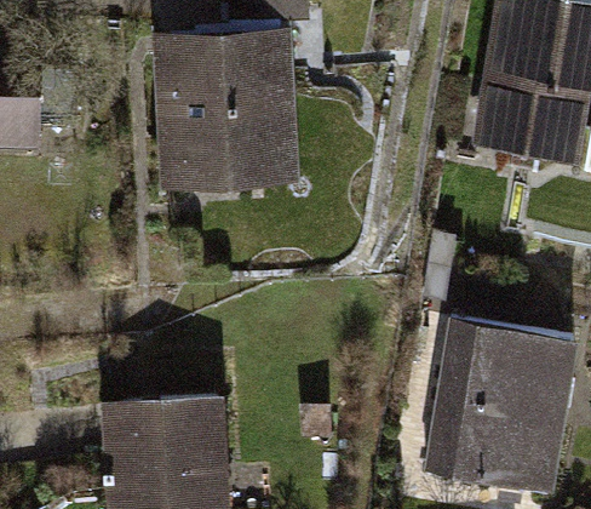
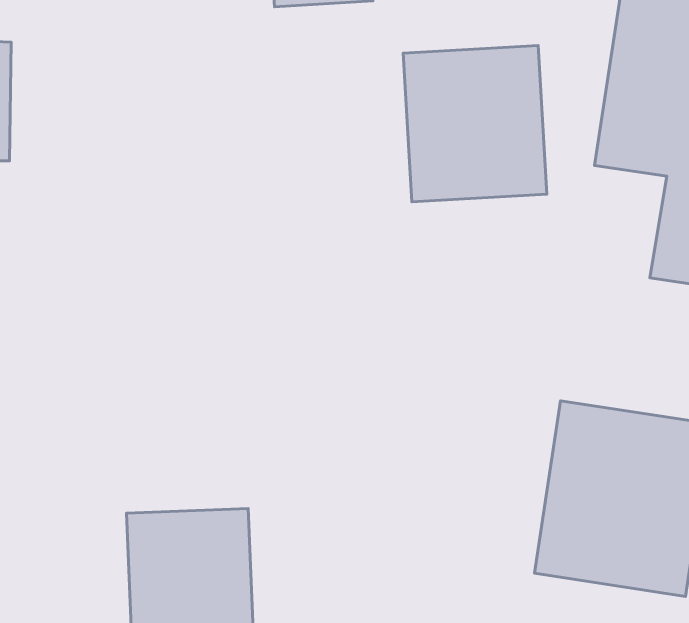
building: [168,41,281,173] -> none
building: none -> [403,45,547,202]

